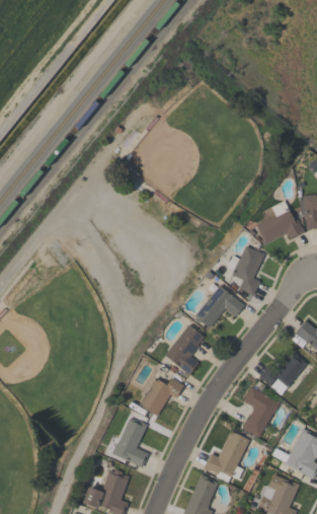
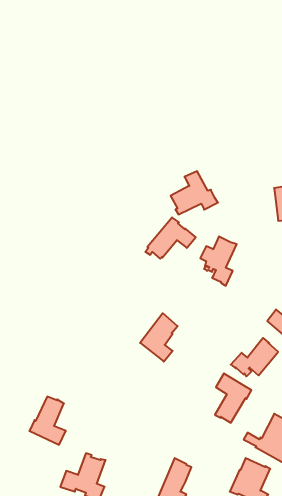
building: [256,200,305,244] -> [171,171,218,214]
building: [193,285,245,327] -> [145,217,196,259]
building: [140,377,184,416] -> none
building: [111,418,149,467] -> [29,397,66,445]
building: [204,431,249,483] -> none

